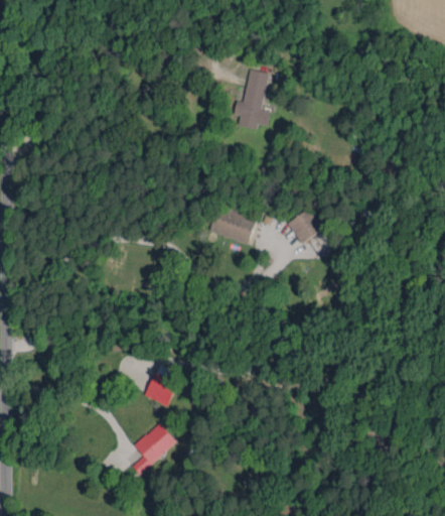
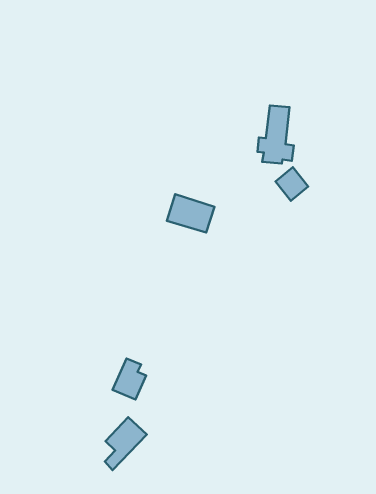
building: [235,70,271,128] -> [258,105,294,164]
building: [288,211,320,244] -> [275,167,308,201]

